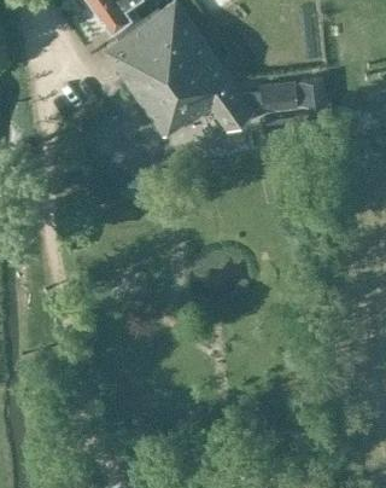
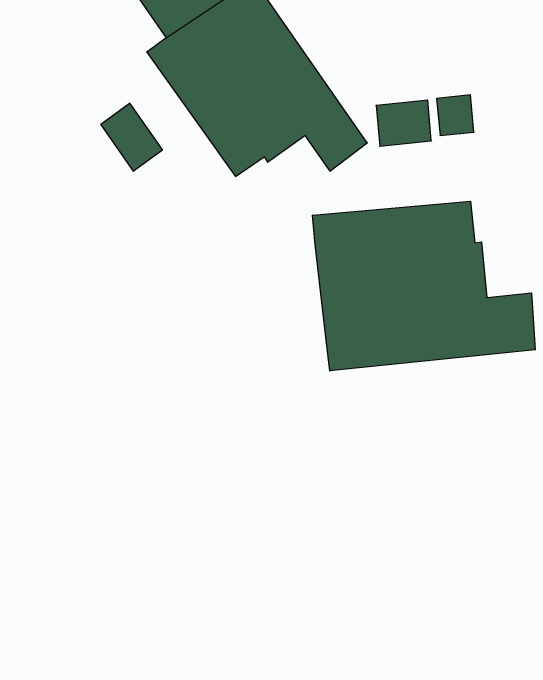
building: none -> [101,103,162,171]
building: none -> [313,201,535,371]

